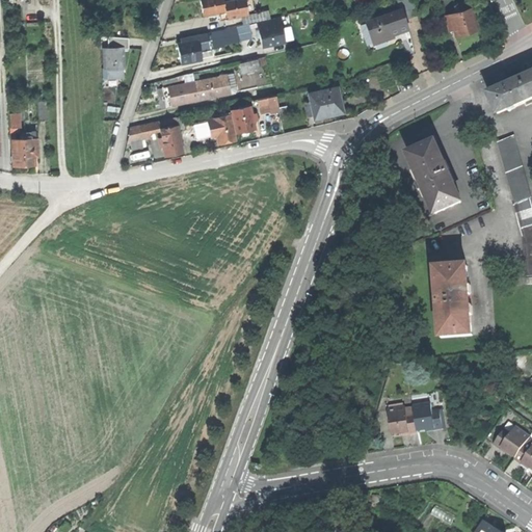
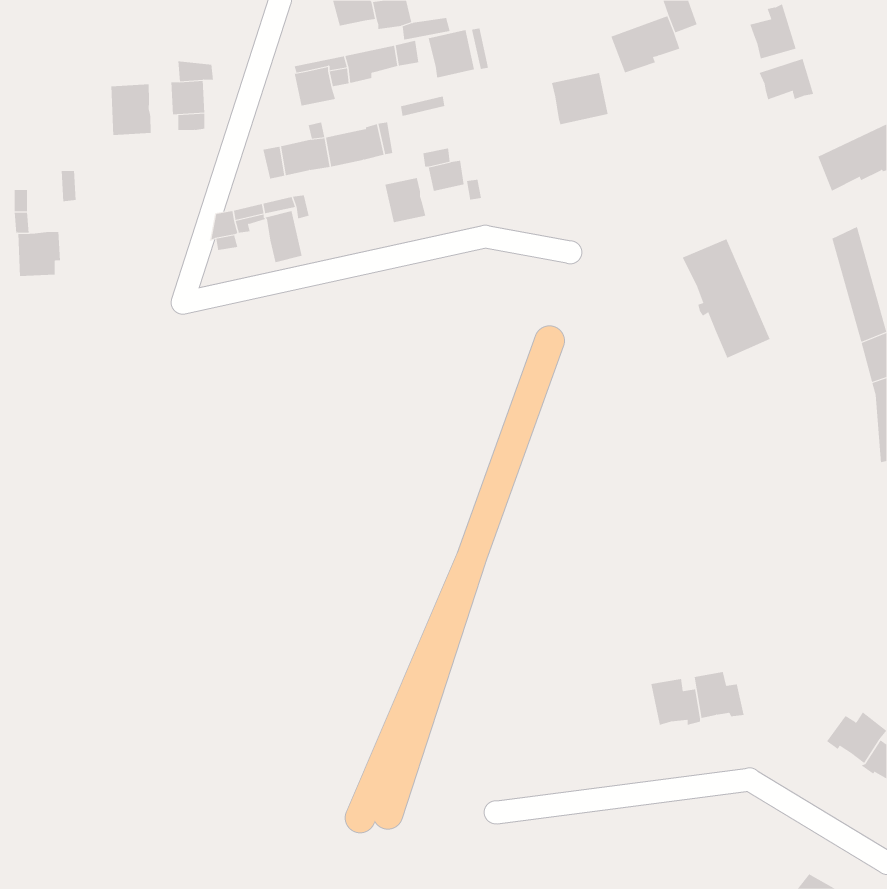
building: none -> [759,58,814,100]
building: none -> [111,84,151,136]
building: [308,87,342,118] -> [551,73,608,125]
building: [207,115,234,143] -> none
building: [435,266,472,338] -> none

